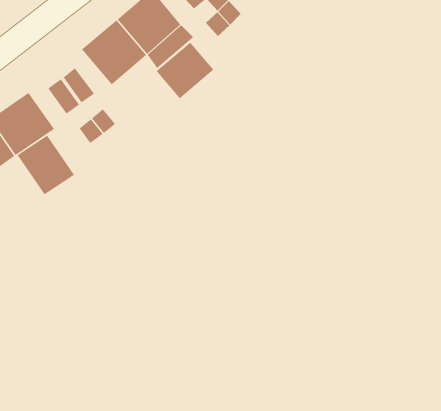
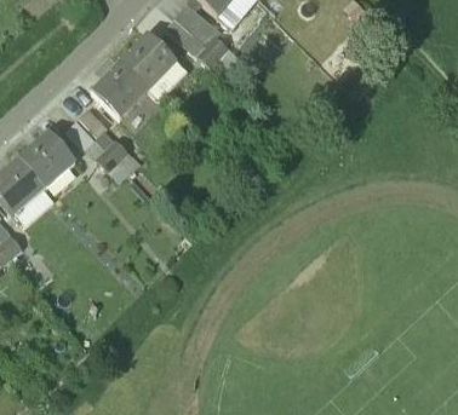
building: [156,42,214,99] -> none
building: [17,135,75,195] -> none

